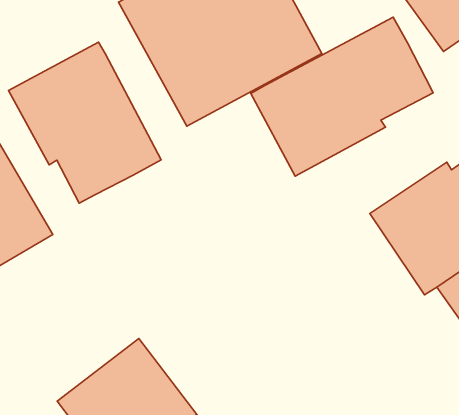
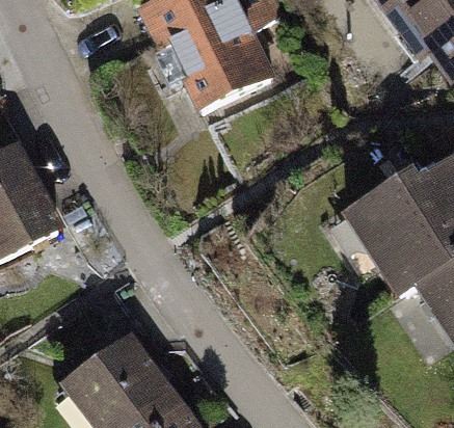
building: [251,17,433,176] -> none
building: [9,42,161,203] -> none

